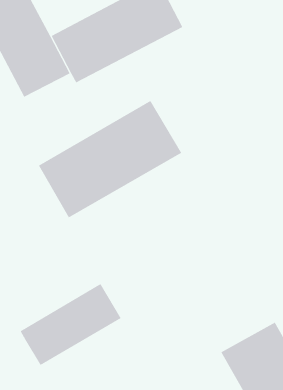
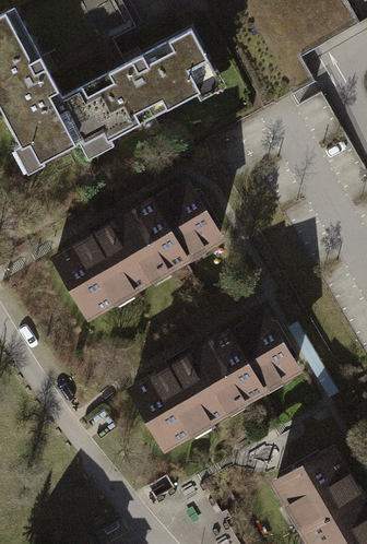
building: none -> [123,308,301,457]
building: [20,283,122,366] -> none

